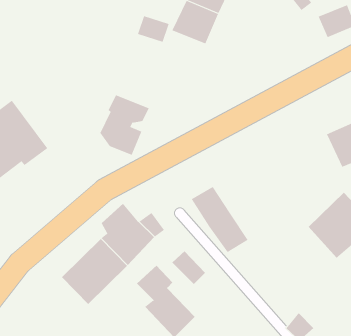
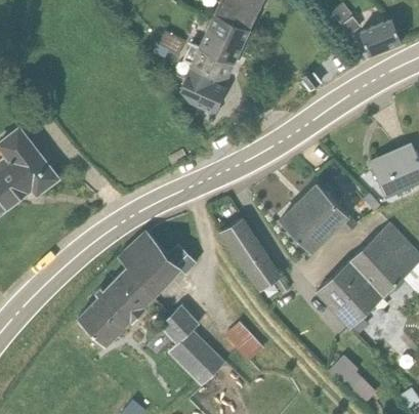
building: [100,94,150,156] -> [180,46,236,114]
building: none -> [279,181,357,253]
building: none -> [316,263,380,328]
building: [172,250,206,285] -> [224,323,262,361]

